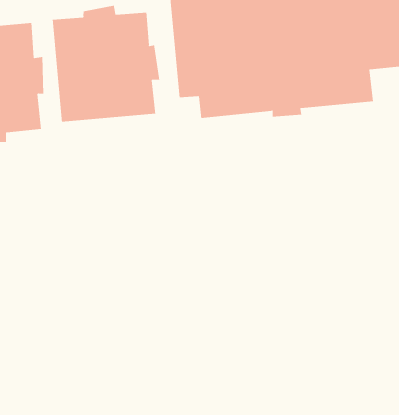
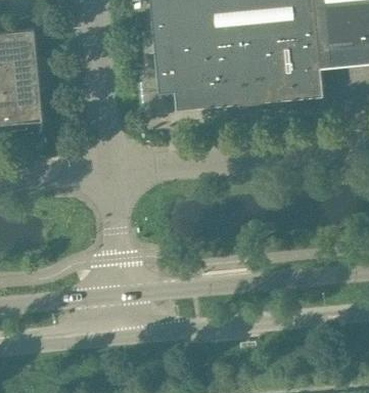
building: [52,5,160,123] -> none

